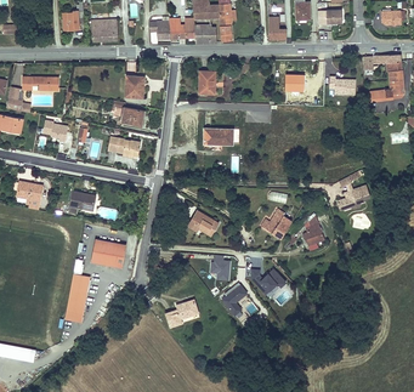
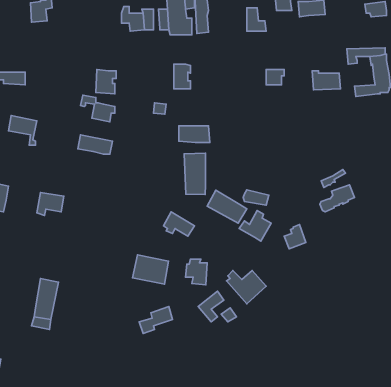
building: [91,19,118,41] -> none
building: none -> [184,153,206,195]
building: none -> [207,190,247,223]
building: [91,239,125,267] -> [132,255,168,284]

